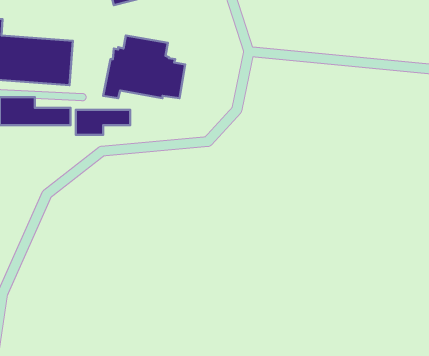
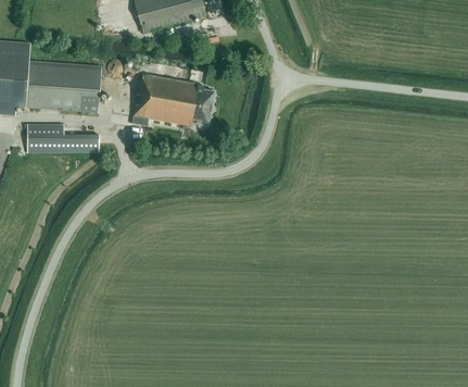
building: [76,110,130,135] -> none

